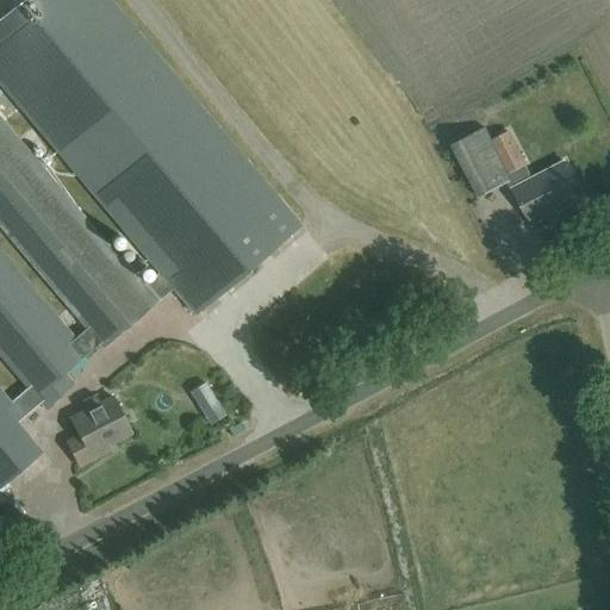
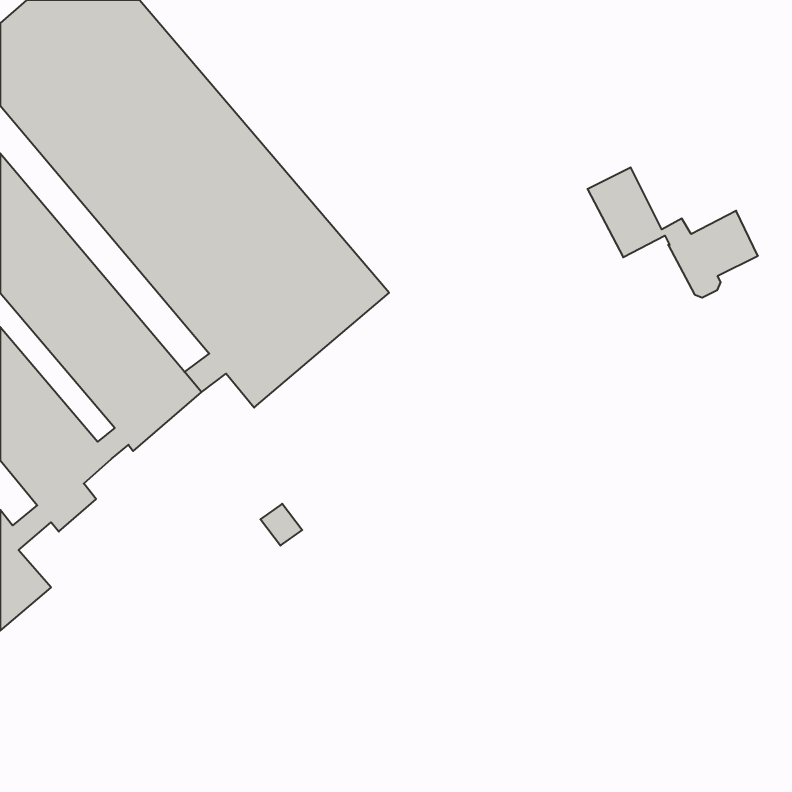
building: [493,126,529,170] -> none
building: [68,397,132,465] -> none

